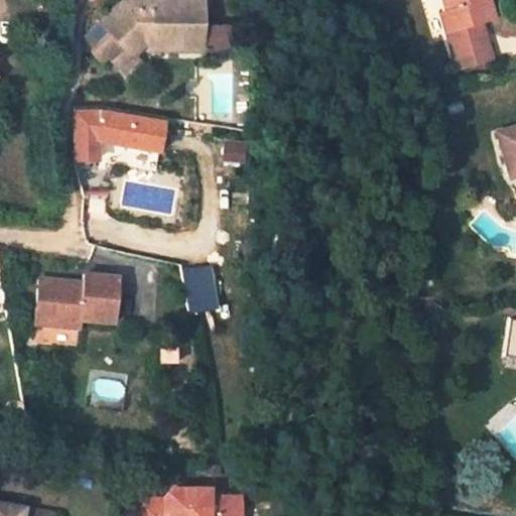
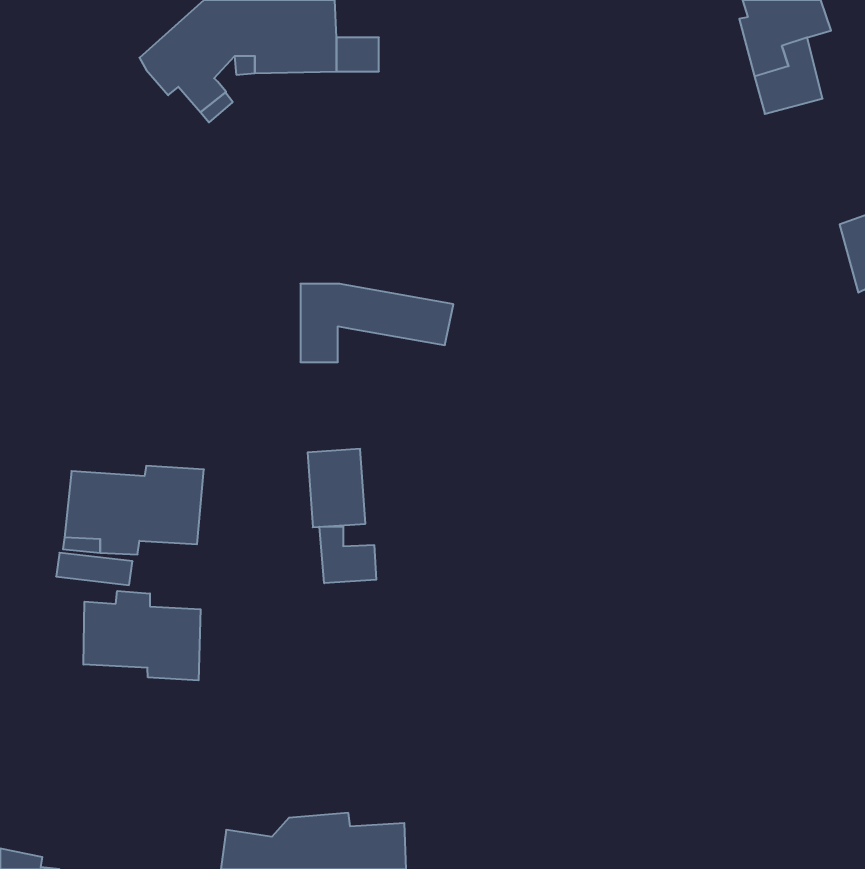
building: [76,112,166,158] -> [300,284,453,362]
building: none -> [320,527,376,583]
building: none -> [83,591,201,680]

